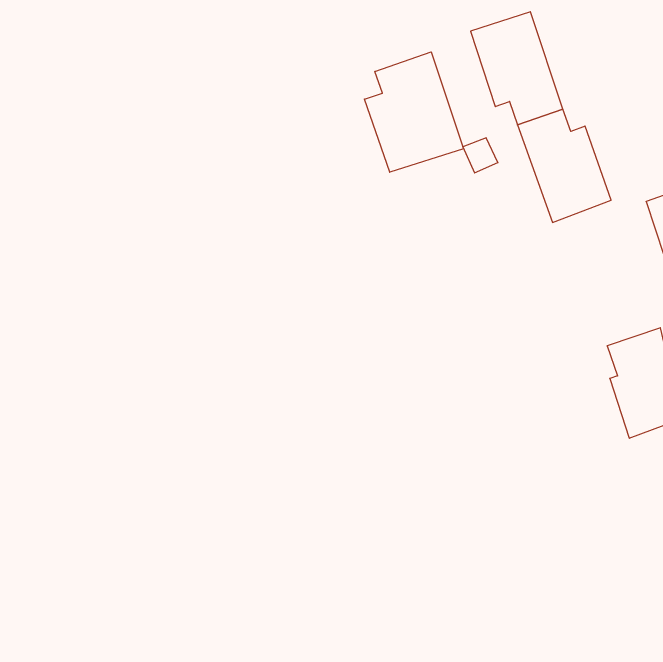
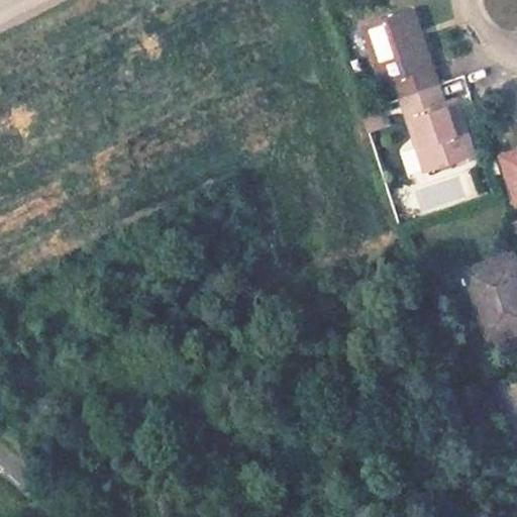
building: [364,52,463,172] -> none

